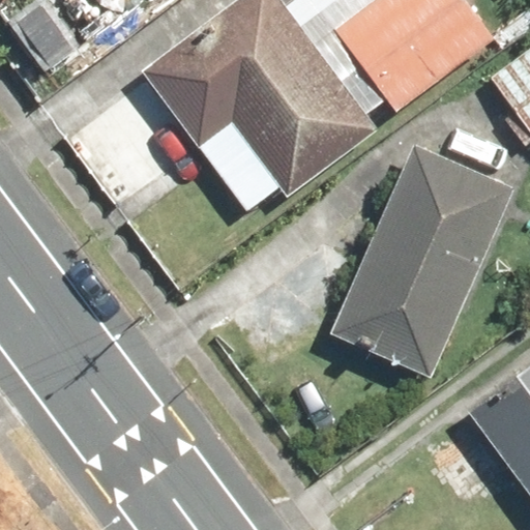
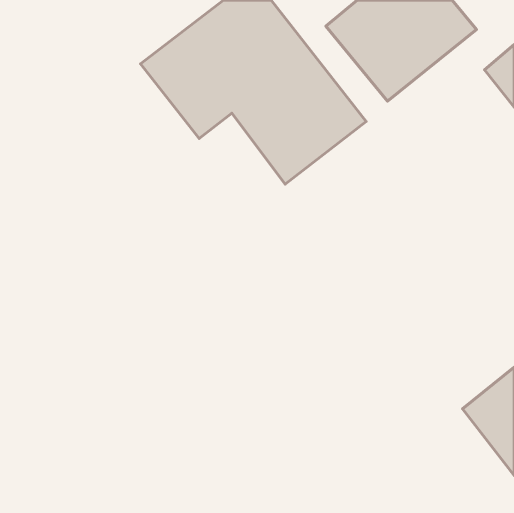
building: [332,145,513,376] -> none

